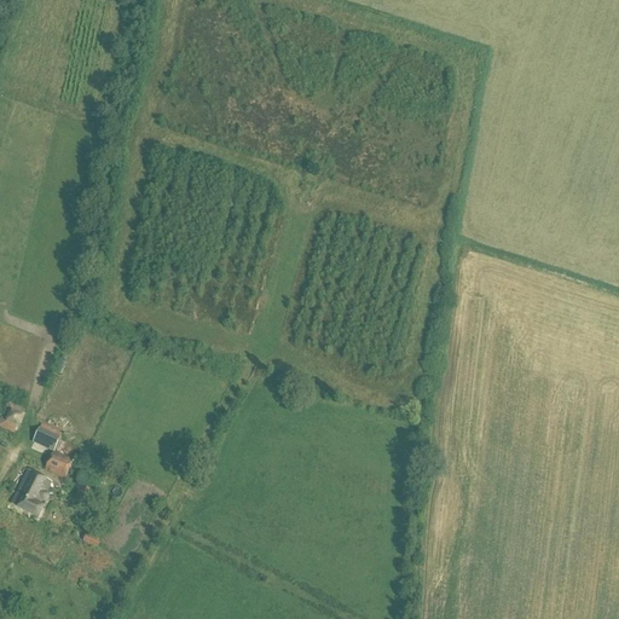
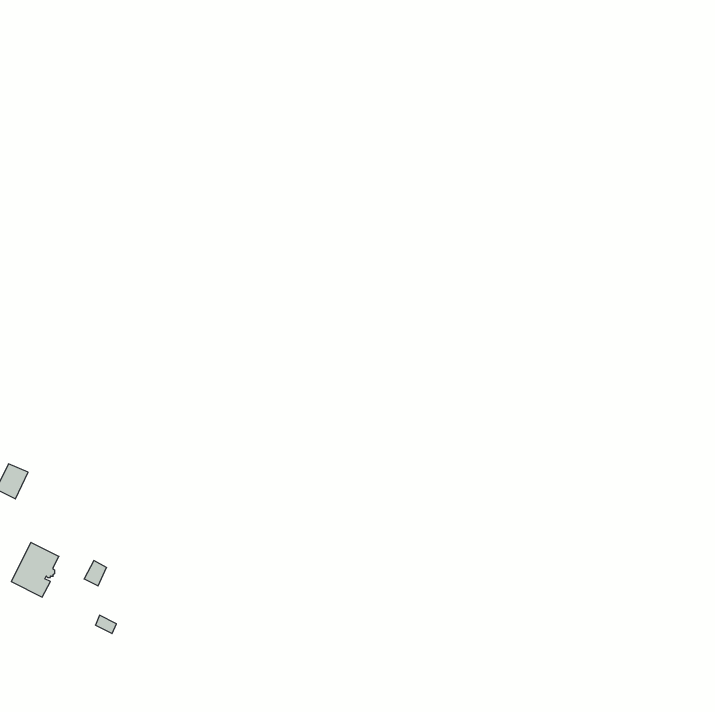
building: [31,426,73,476] -> none

